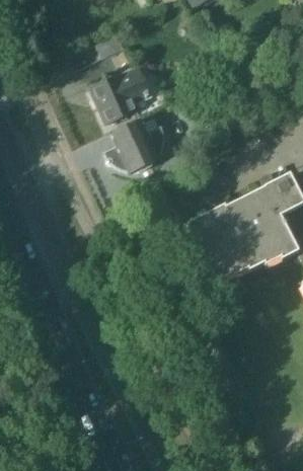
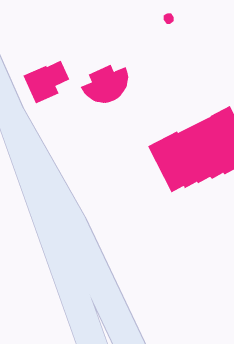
building: [92,66,151,121] -> [22,60,70,104]

